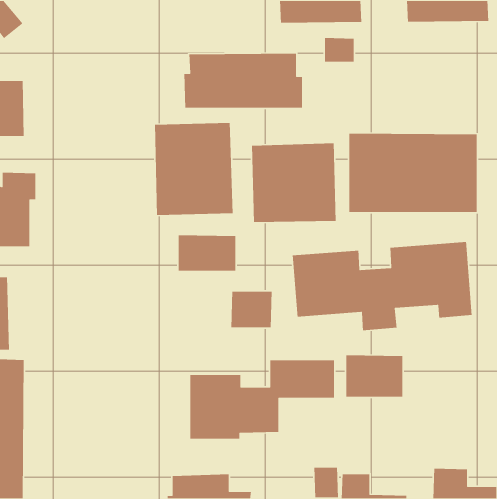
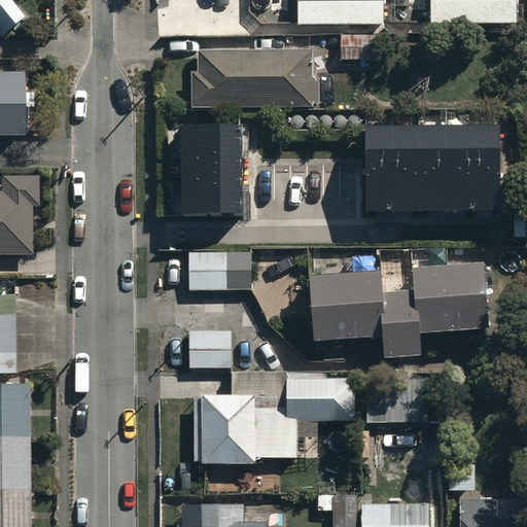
building: [251,143,336,223] -> none
building: [230,291,272,328] -> [184,326,229,365]

